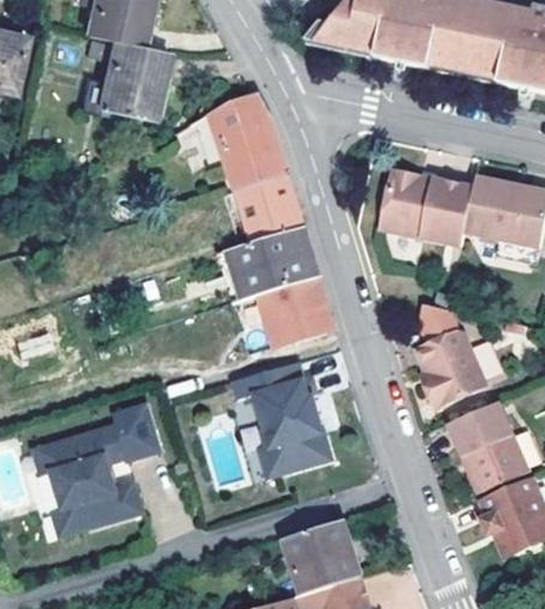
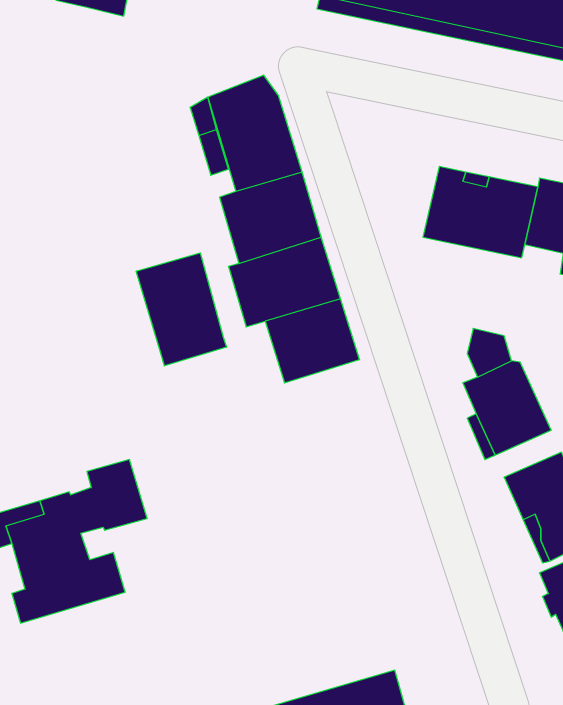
building: [99,40,167,118] -> none
building: none -> [136,253,226,366]
building: [233,357,334,473] -> none
building: [284,520,361,594] -> none

